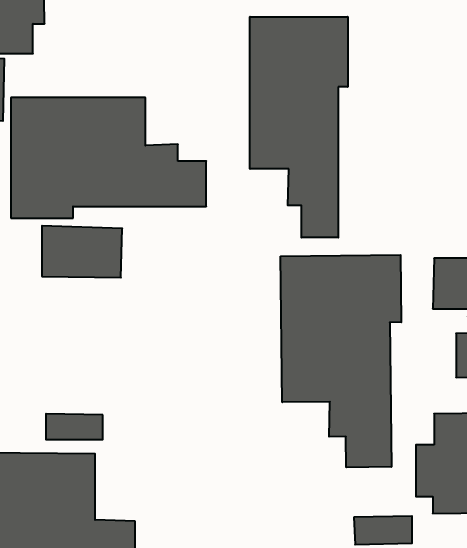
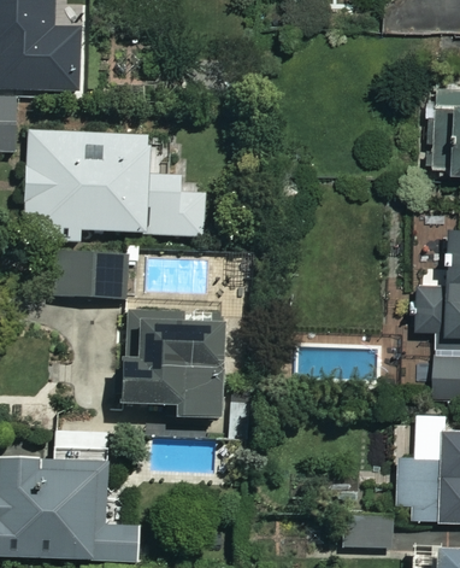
building: [250,17,348,238] -> none
building: [281,255,401,467] -> none
building: none -> [120,316,220,421]

